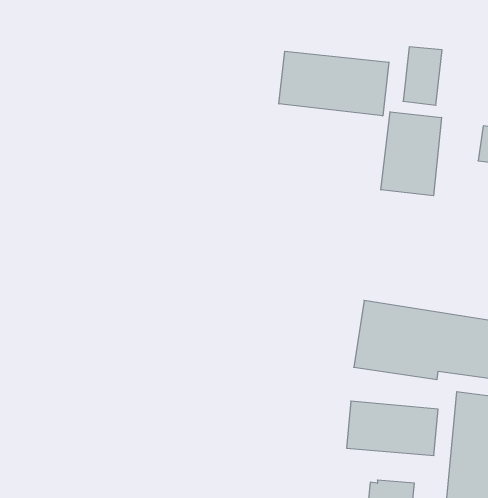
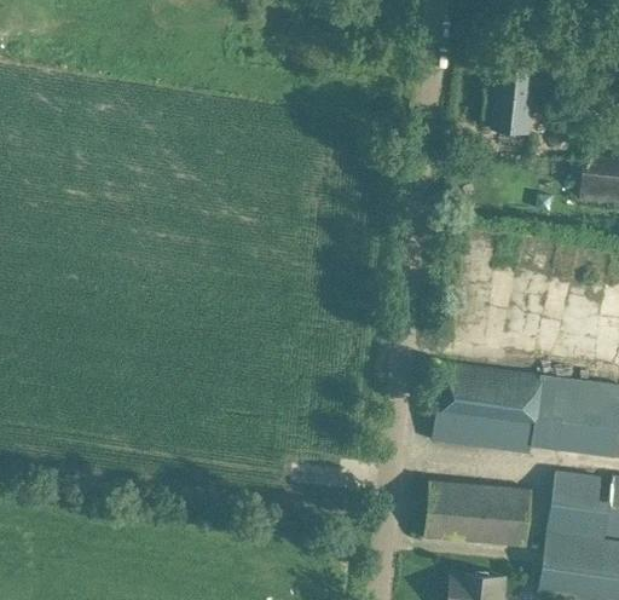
building: [279,51,389,116] -> none
building: [381,112,441,196] -> none

